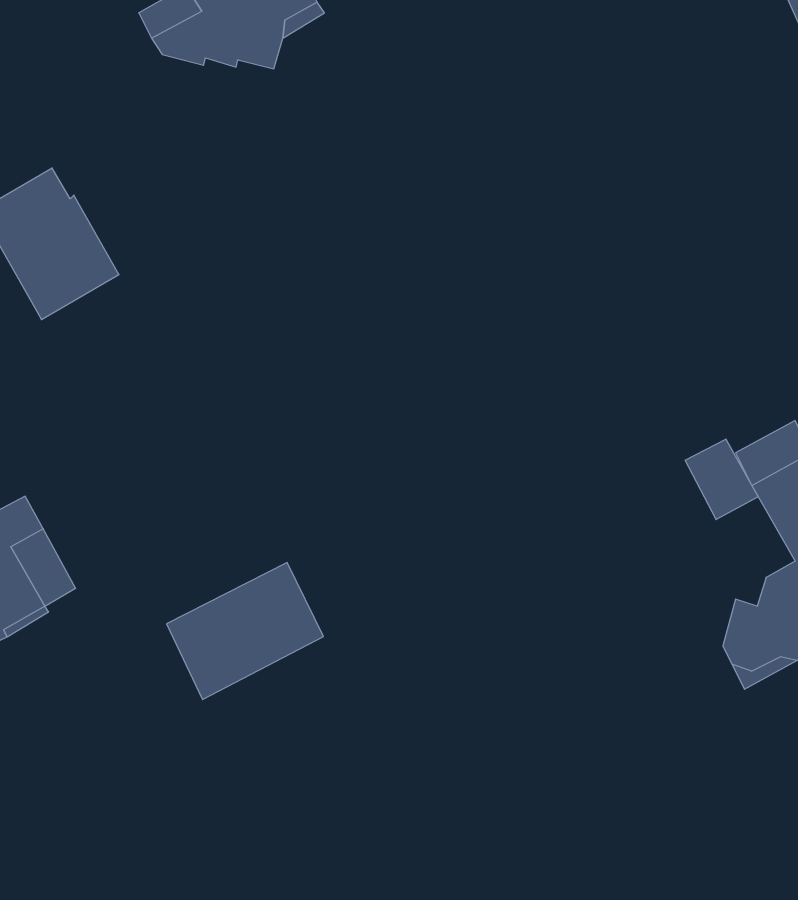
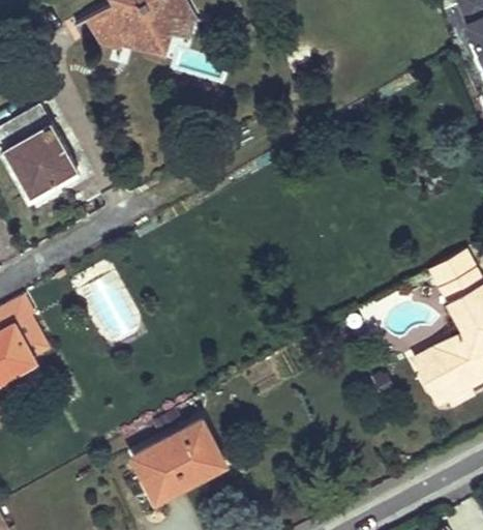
building: [685,439,758,520] -> none
building: [167,563,323,700] -> [134,423,224,502]

